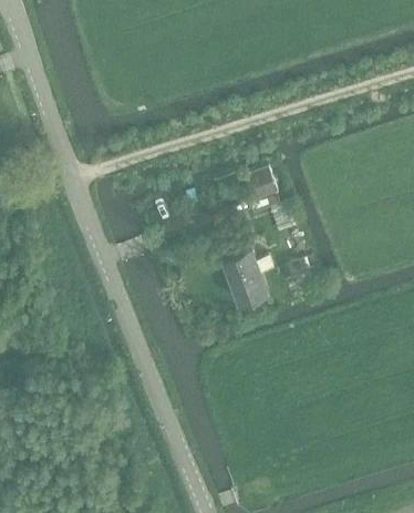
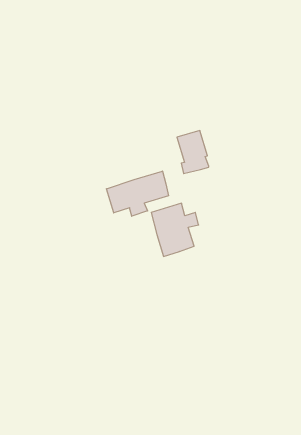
building: none -> [106,171,169,216]

